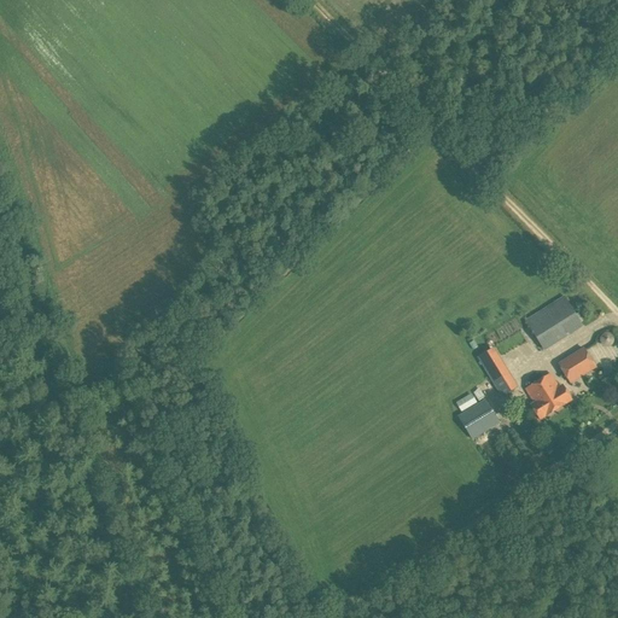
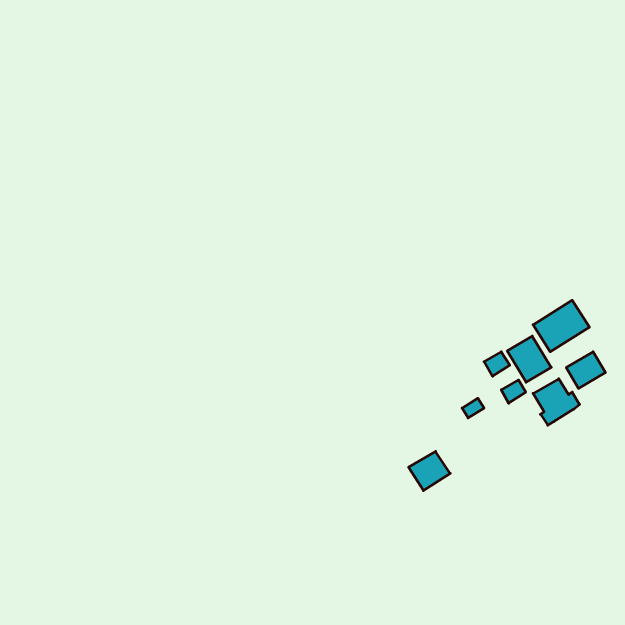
building: none -> [507,336,551,382]
building: [459,401,500,439] -> [409,451,450,491]

